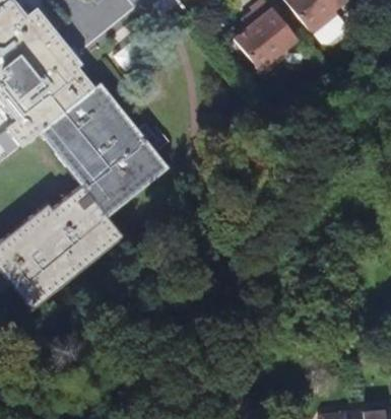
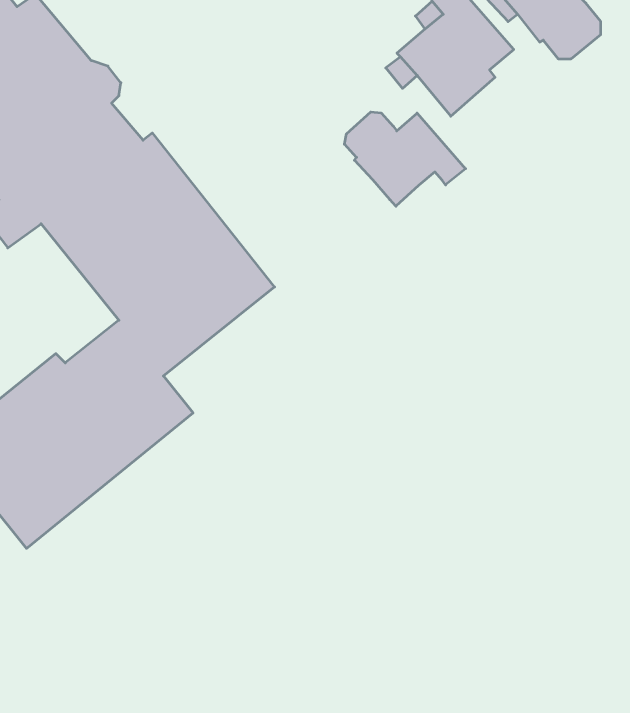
building: none -> [344,112,466,206]

